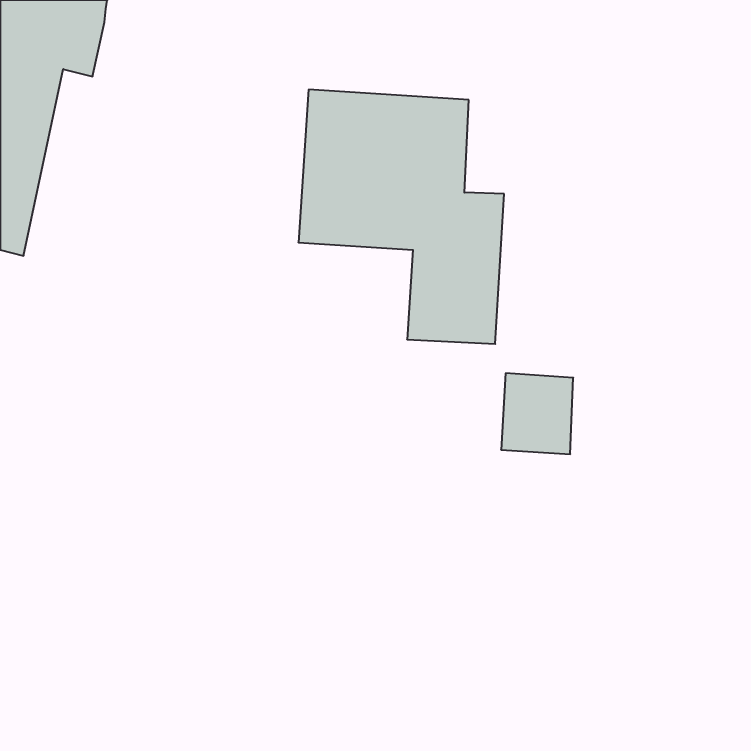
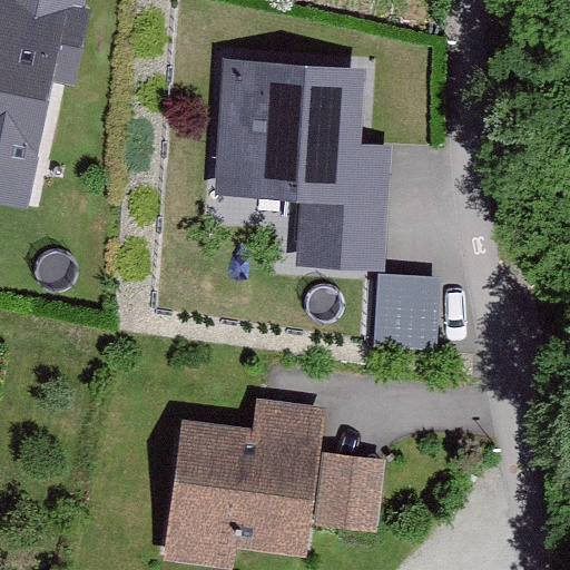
building: none -> [177,405,316,541]
building: none -> [323,458,387,531]

